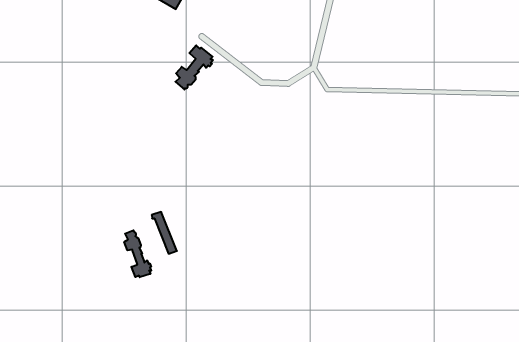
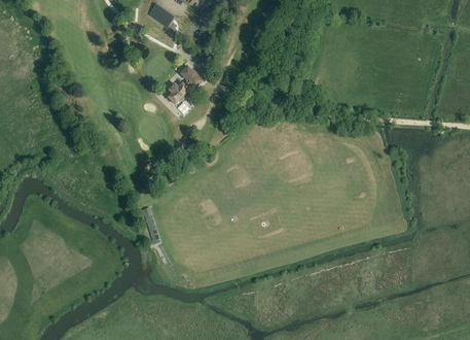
building: [124,230,151,277] -> none

